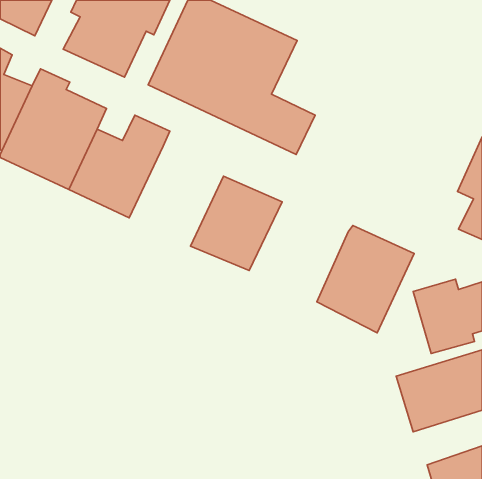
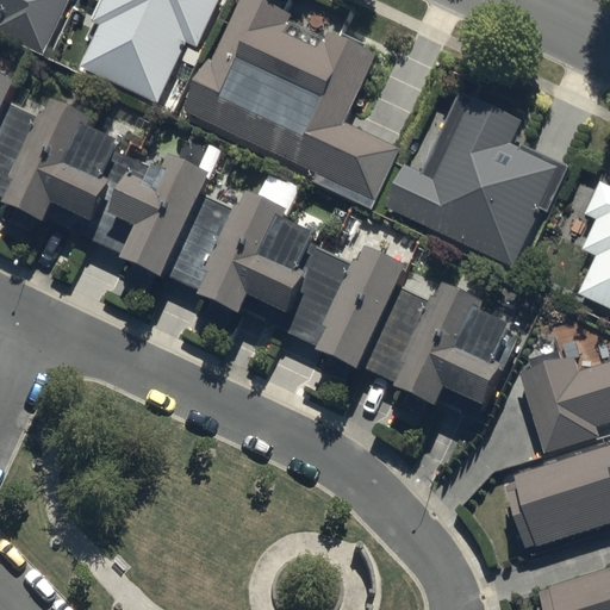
building: none -> [386,92,560,262]
building: none -> [163,186,292,315]
building: none -> [315,237,440,384]

